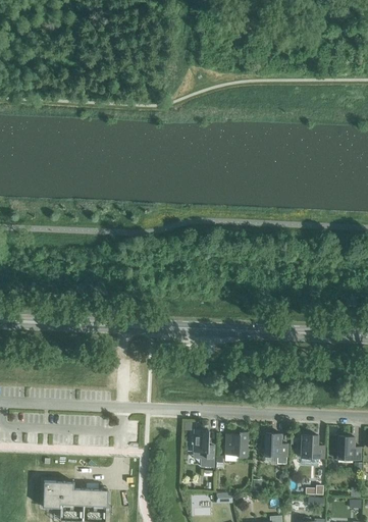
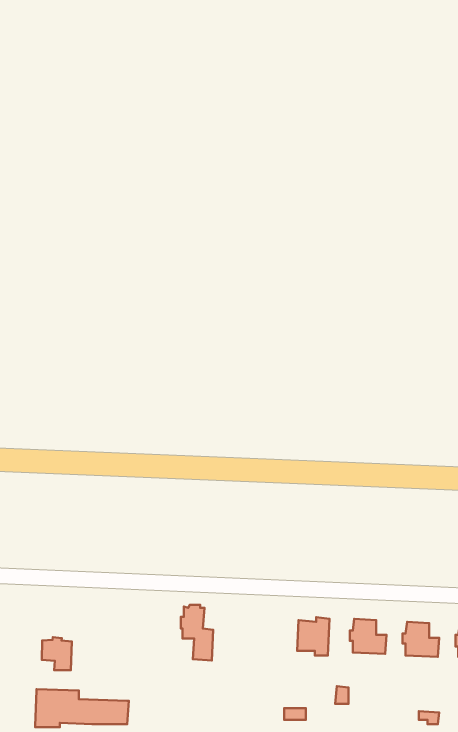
building: [192,428,214,467] -> [181,605,213,661]
building: none -> [42,637,72,670]

